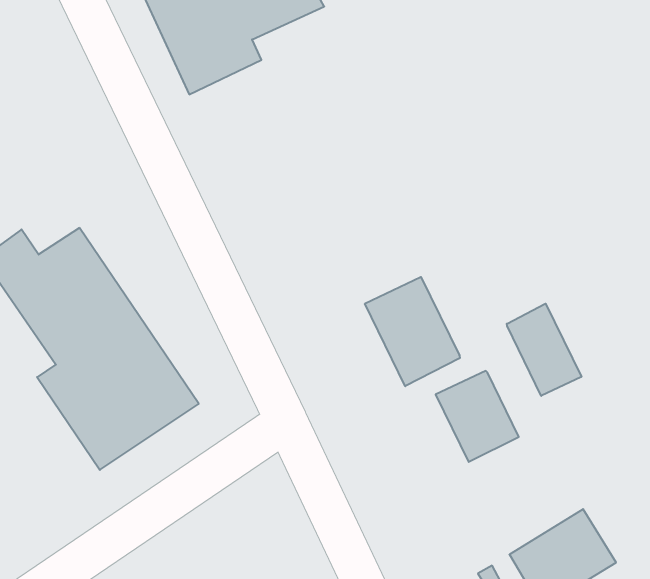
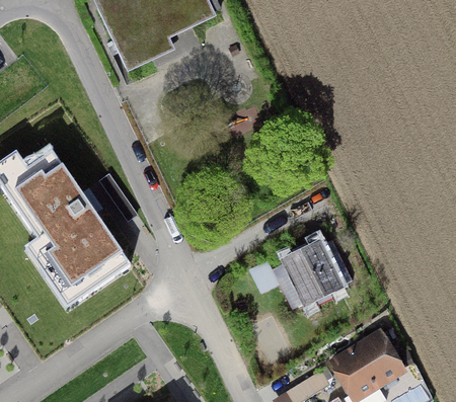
building: [365,277,460,386] -> none
building: [507,304,581,396] -> none

